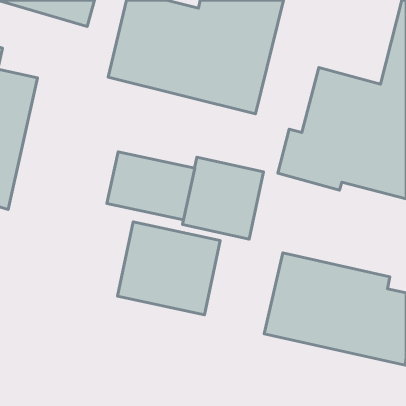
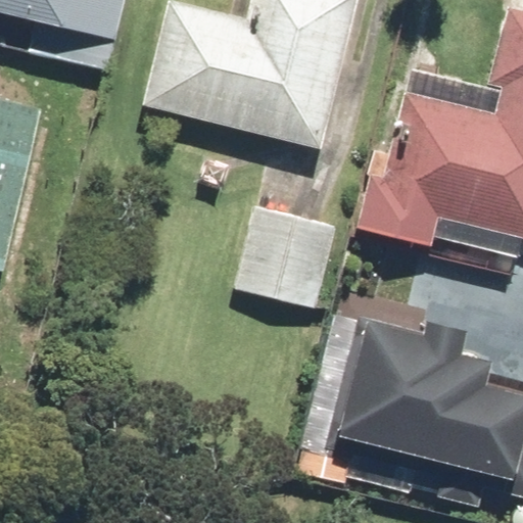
building: [107,152,195,220] -> none
building: [117,222,220,315] -> none

